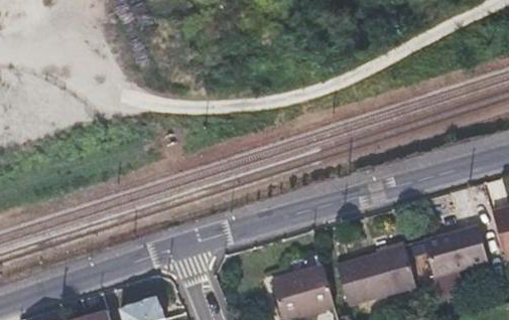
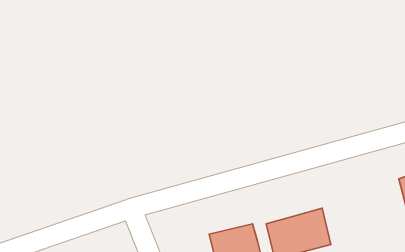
building: [424,225,488,275] -> none

